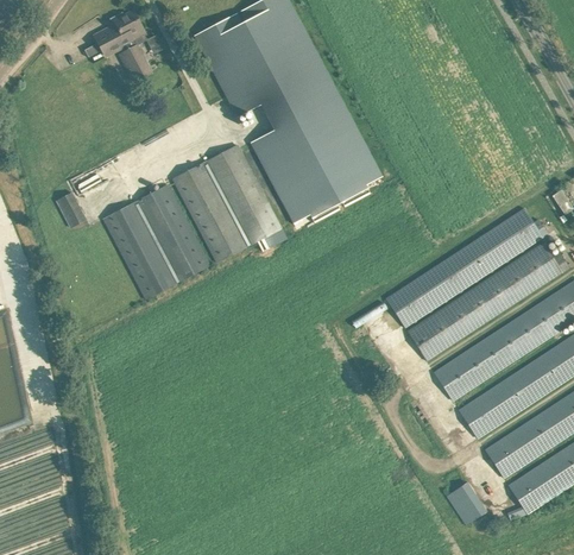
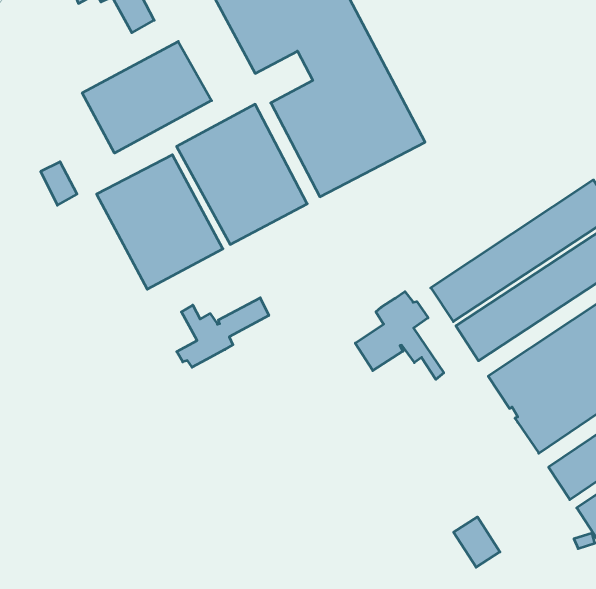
building: none -> [82,41,212,153]
building: none -> [355,292,444,379]
building: none -> [177,298,269,367]
building: [447,481,486,524] -> [454,517,500,567]

